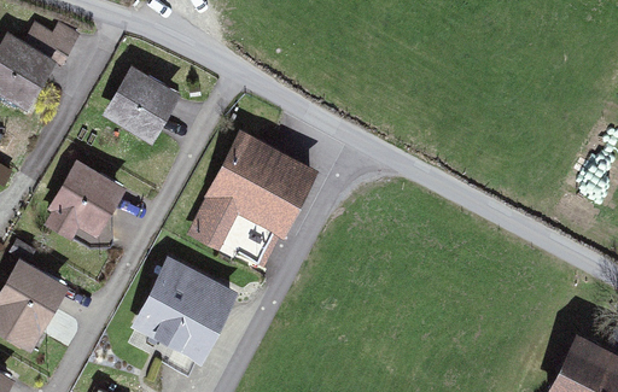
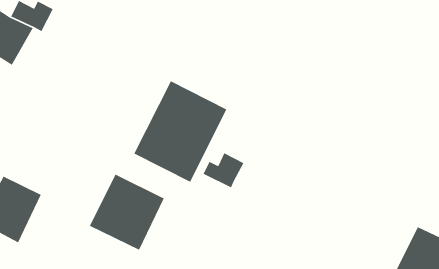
building: [103,65,181,145] -> none
building: [42,160,121,251] -> none
building: none -> [203,152,245,189]

